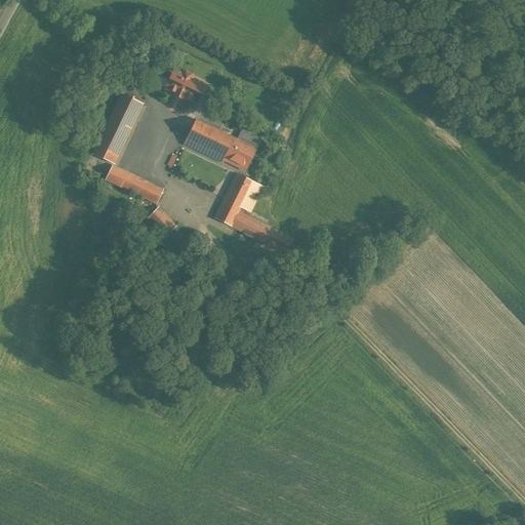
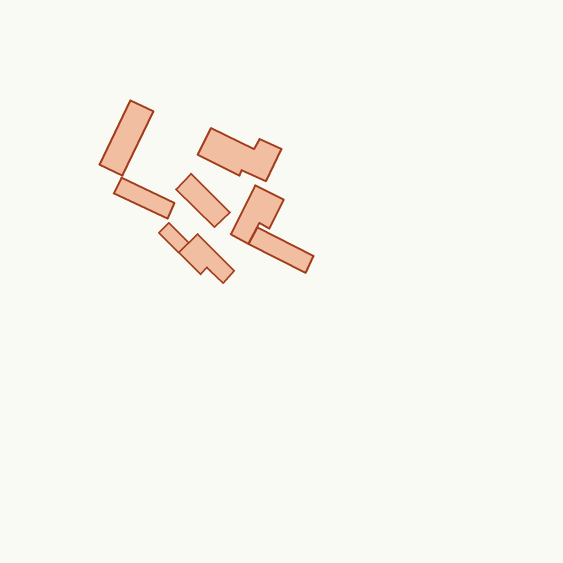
building: [167,70,205,103] -> none
building: none -> [176,174,230,227]
building: none -> [179,234,234,283]

